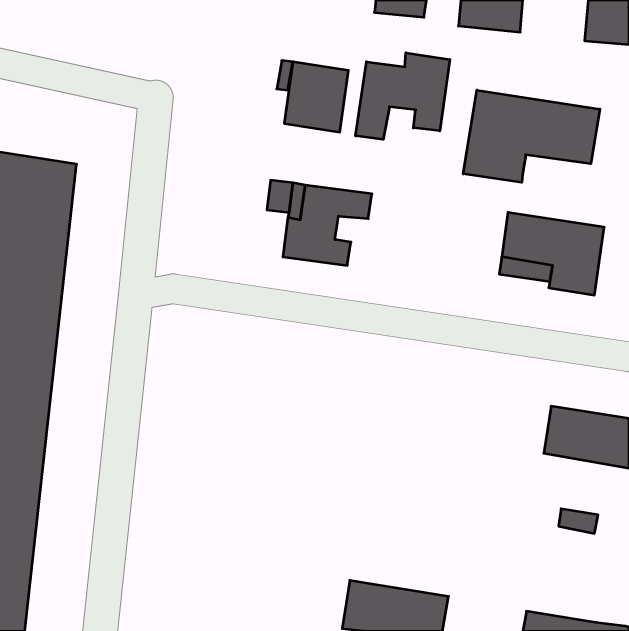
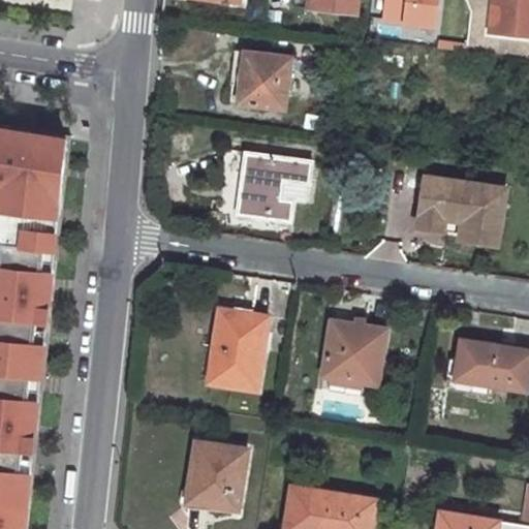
building: [356,53,450,139] -> none
building: [463,90,600,182] -> none
building: none -> [214,308,268,391]
building: none -> [322,321,385,397]
building: none -> [188,441,247,508]

